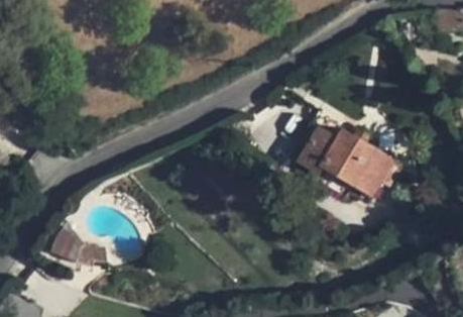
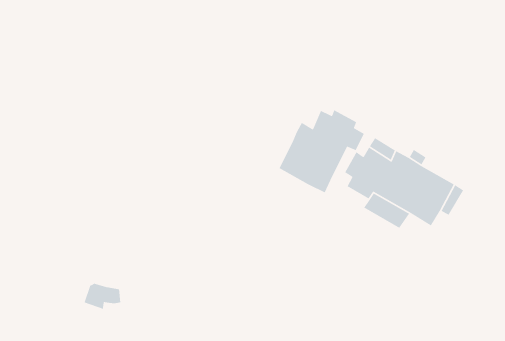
building: none -> [278,109,365,194]

